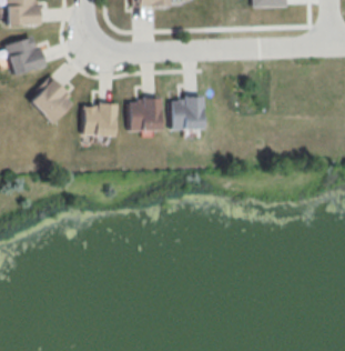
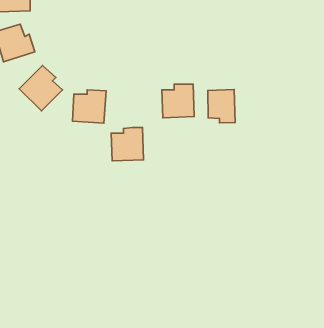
building: [130,97,162,130] -> [111,128,143,161]
building: none -> [208,89,235,123]

